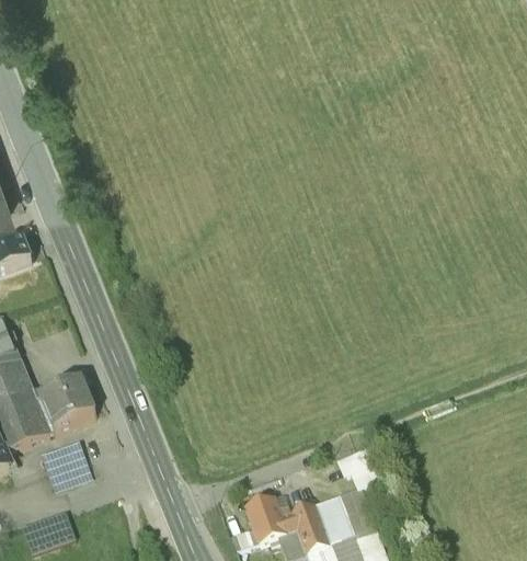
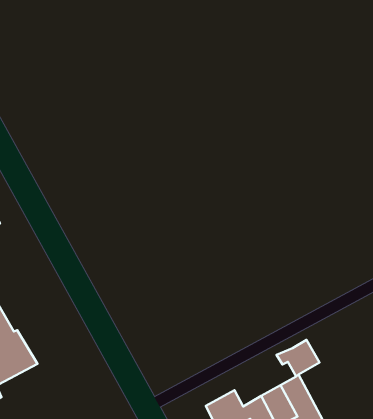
building: [36,382,95,434] -> none
building: [43,443,90,486] -> none

